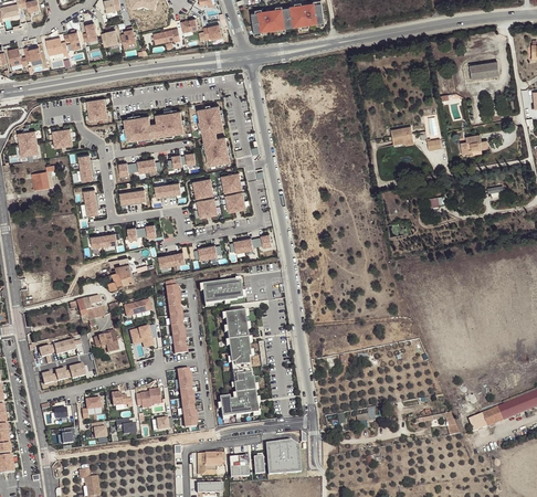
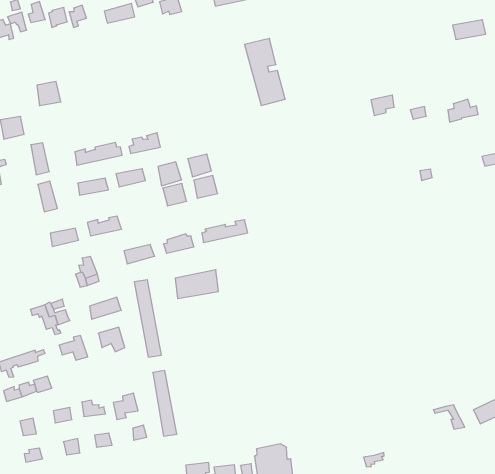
building: [197,103,231,163] -> [245,38,285,105]
building: [124,107,186,139] -> none
building: [219,307,259,414] -> none

